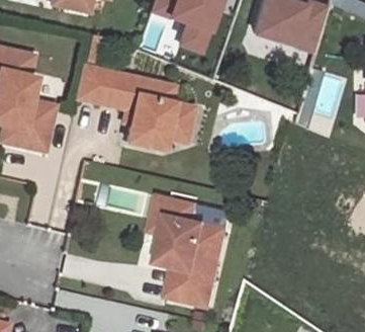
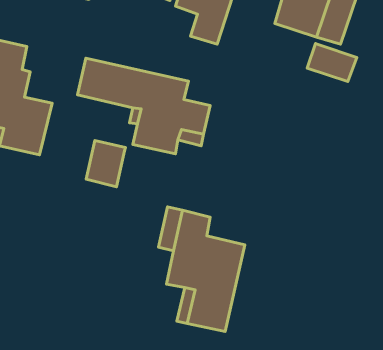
building: none -> [307,43,357,82]
building: none -> [86,141,126,187]

